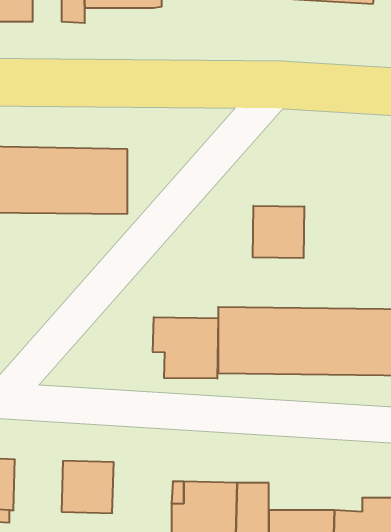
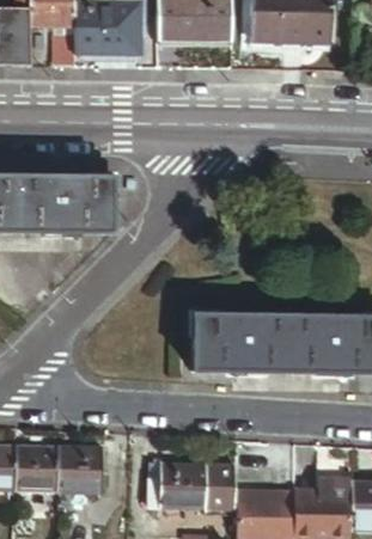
building: [253,206,304,258] -> none
building: [153,317,218,379] -> none
building: none -> [14,446,57,491]

